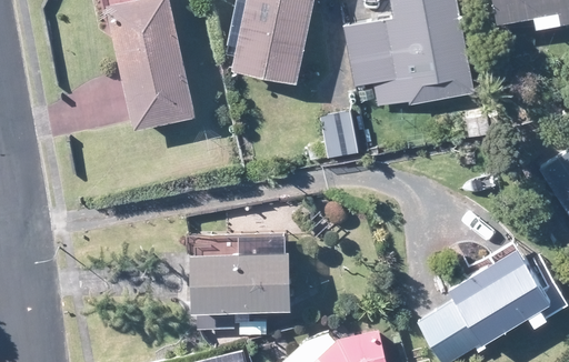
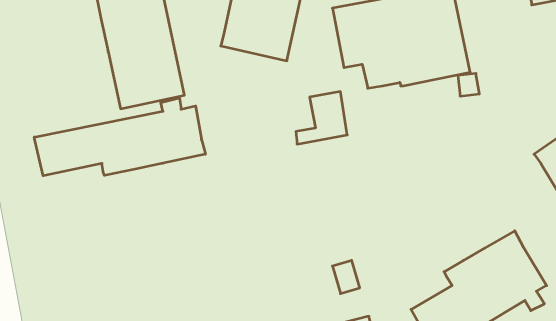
building: none -> [34,98,205,176]
building: [192,249,291,319] -> none

